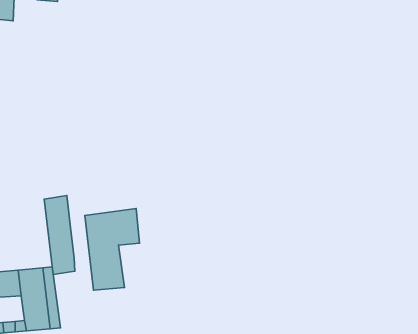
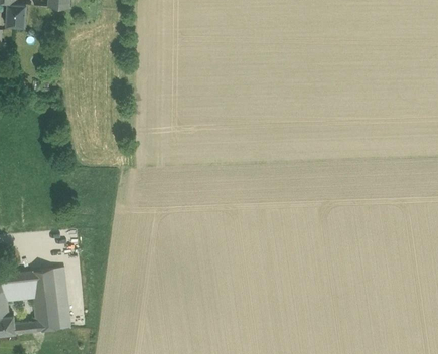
building: [44,196,75,275] -> none
building: [85,208,140,290] -> none

